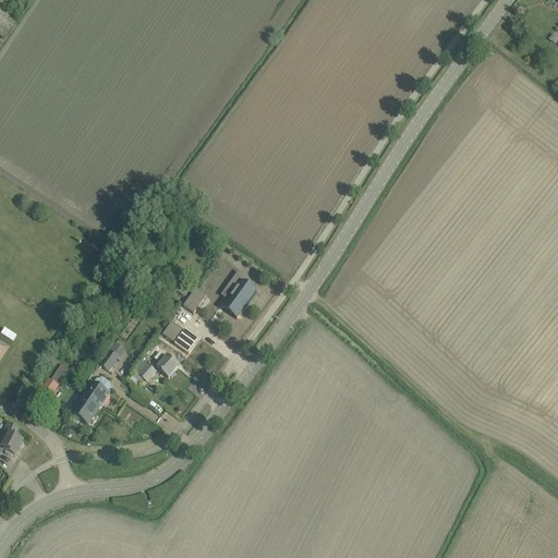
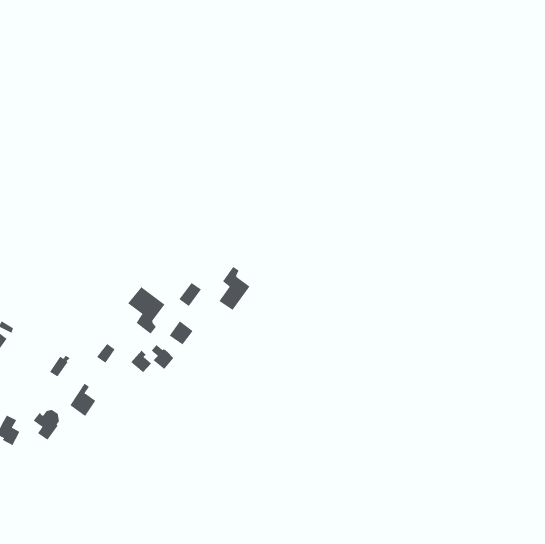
building: none -> [127,285,166,334]
building: [83,377,110,409] -> [33,410,60,441]

